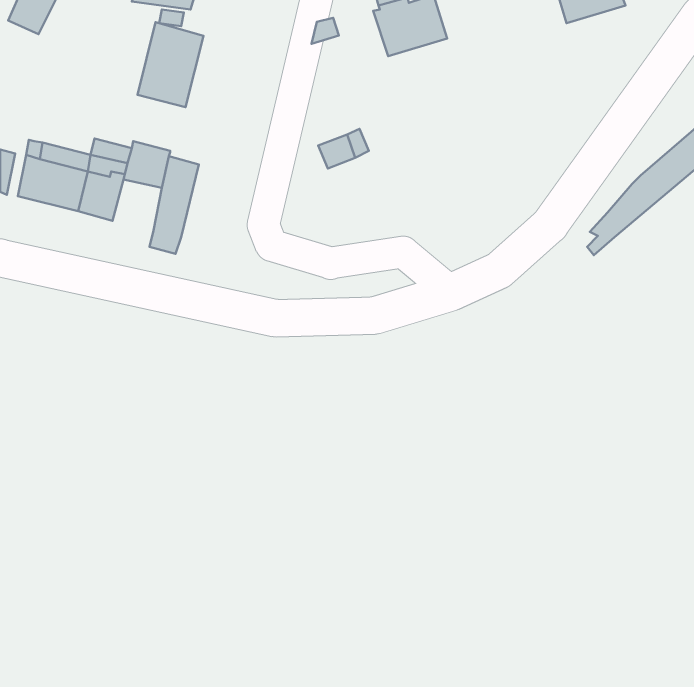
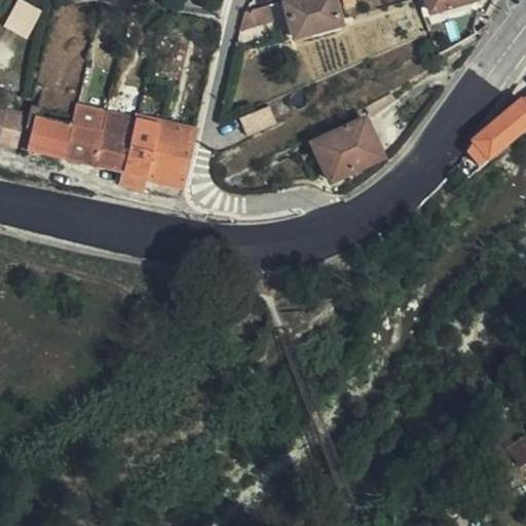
building: [138,22,203,107] -> [141,123,190,187]
building: none -> [320,109,388,168]
building: none -> [89,135,126,173]

